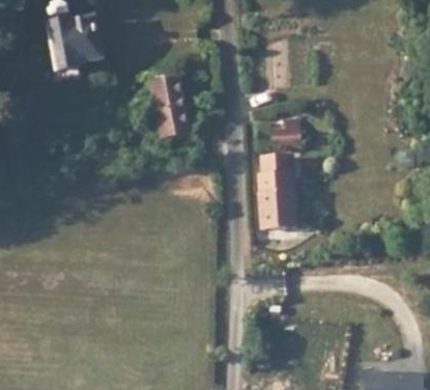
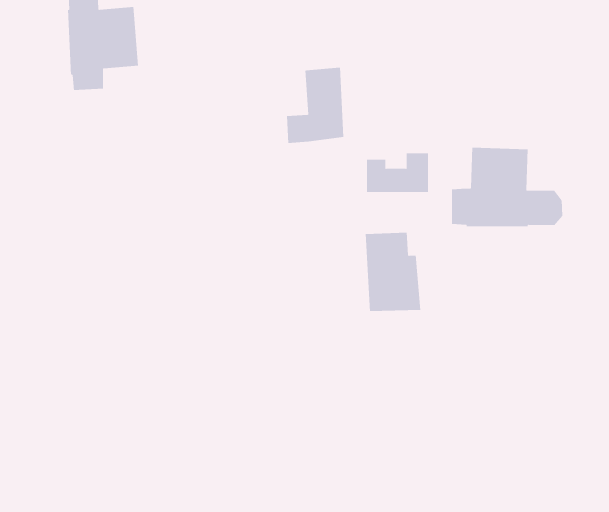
building: [139,79,178,131] -> [286,67,344,143]
building: none -> [451,147,563,227]

